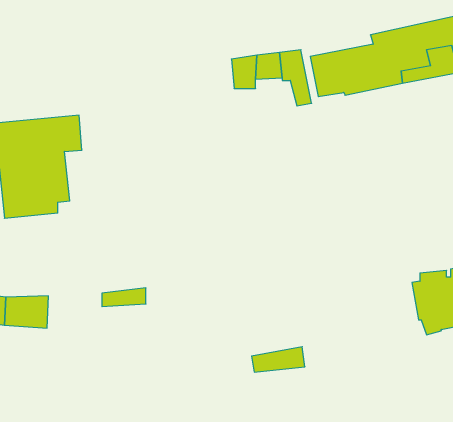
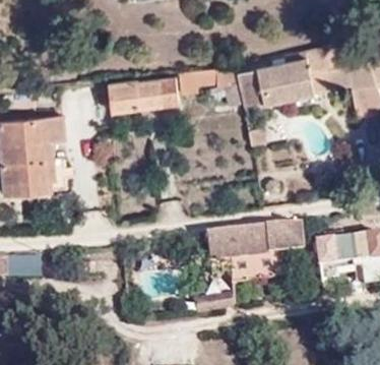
building: none -> [108,77,180,111]
building: none -> [207,224,305,285]

